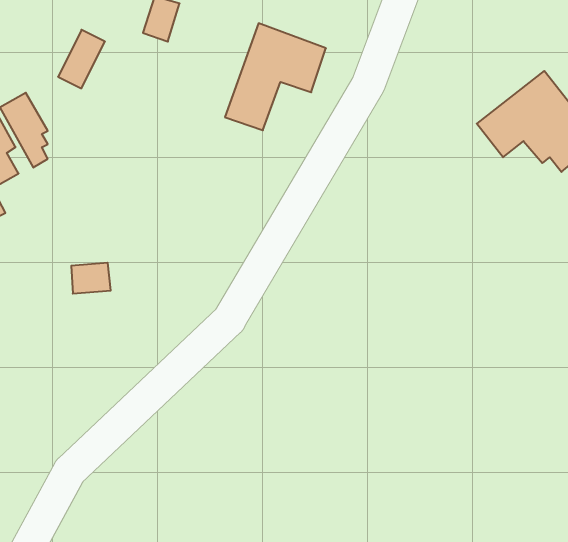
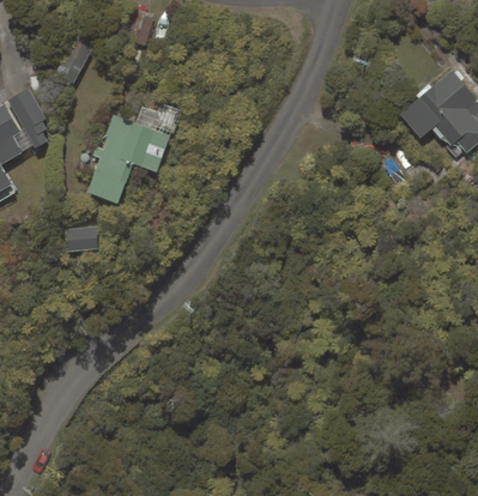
building: [225,23,326,130] -> [86,115,169,202]

